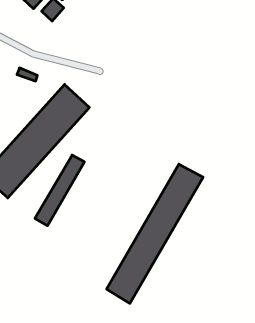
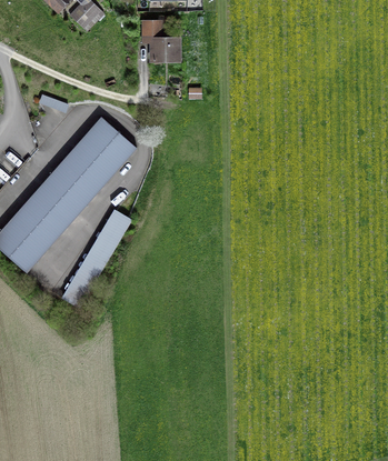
building: none -> [143,20,178,57]
building: [107,164,203,303] -> none

